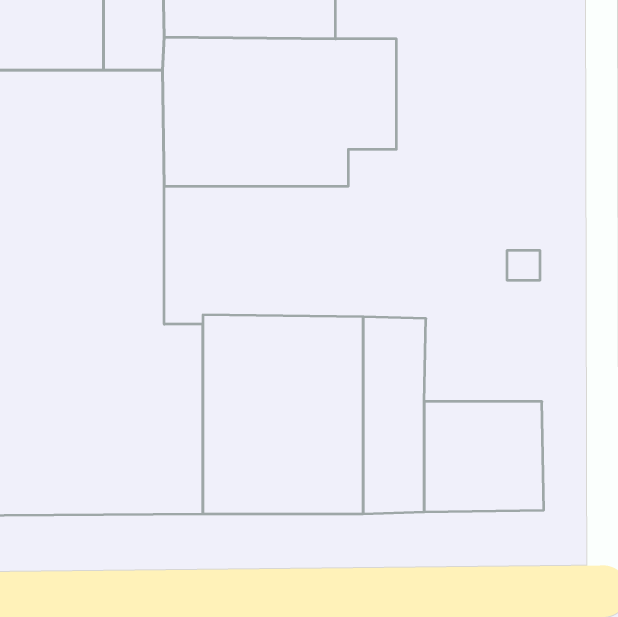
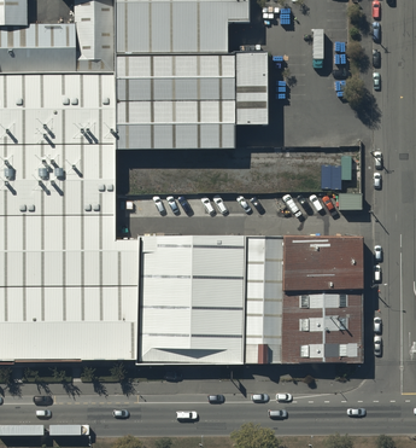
building: none -> [285,234,362,289]

